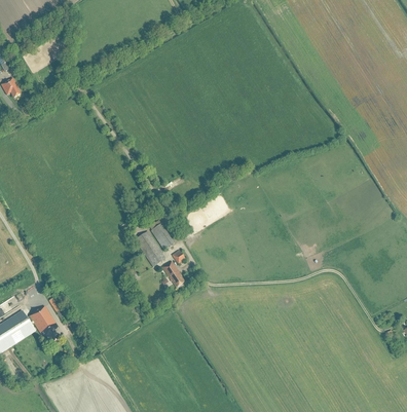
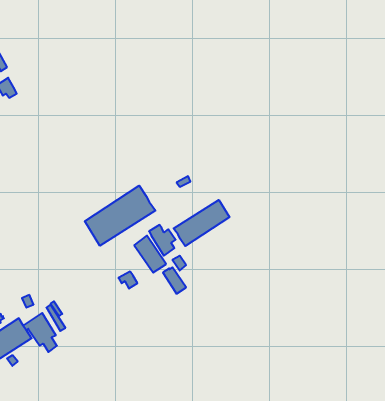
building: none -> [85,186,155,246]
building: none -> [174,200,229,246]

